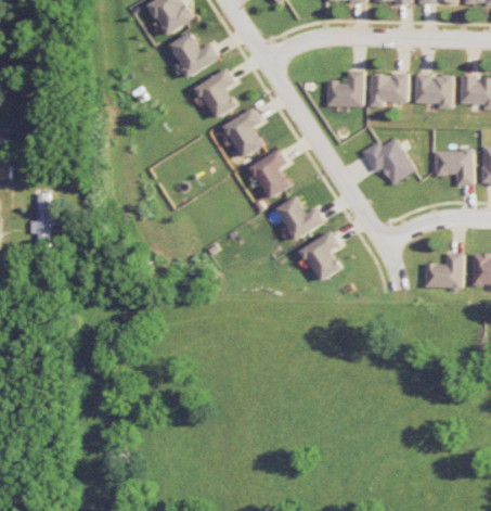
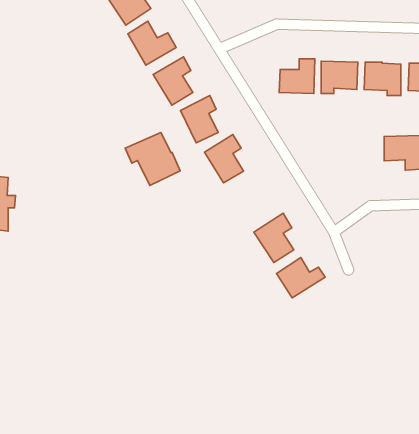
building: [361,138,415,184] -> none
building: none -> [125,133,180,186]
building: [276,195,325,240] -> none
building: [424,253,463,289] -> none
building: none -> [276,258,325,298]

